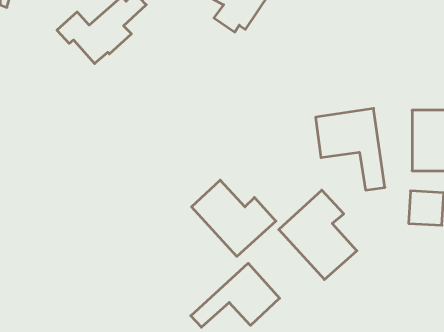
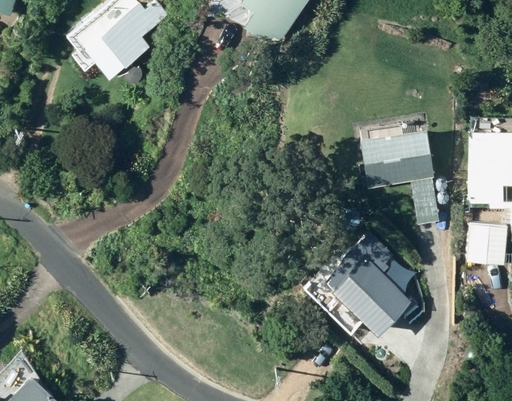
building: [192,180,276,256] -> none
building: [191,263,280,327] -> none

